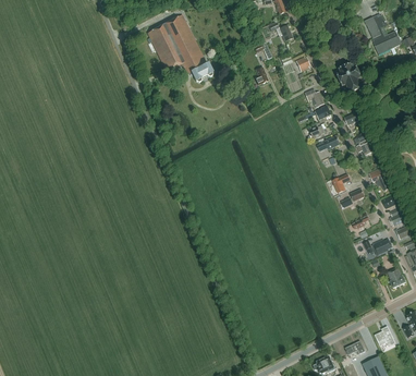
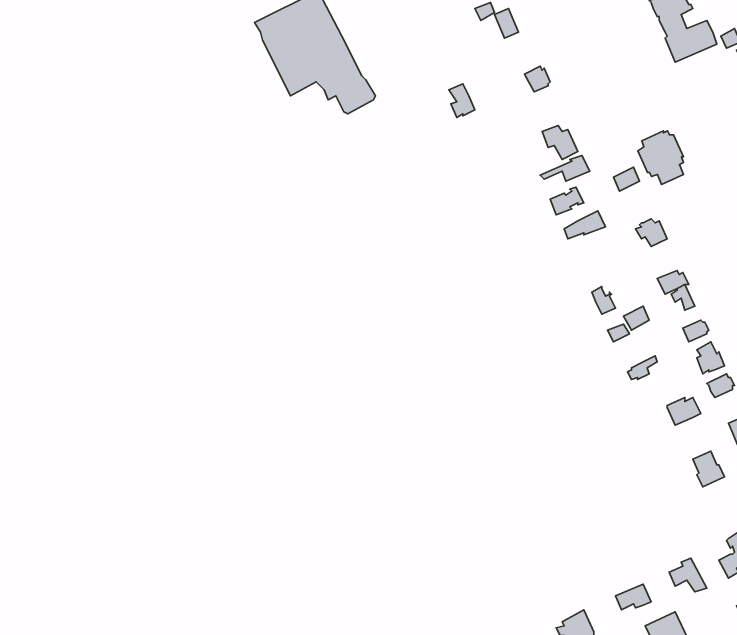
building: [337,63,362,93] -> [638,131,683,184]

